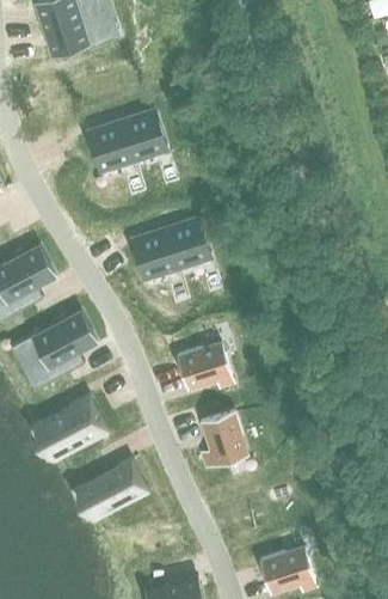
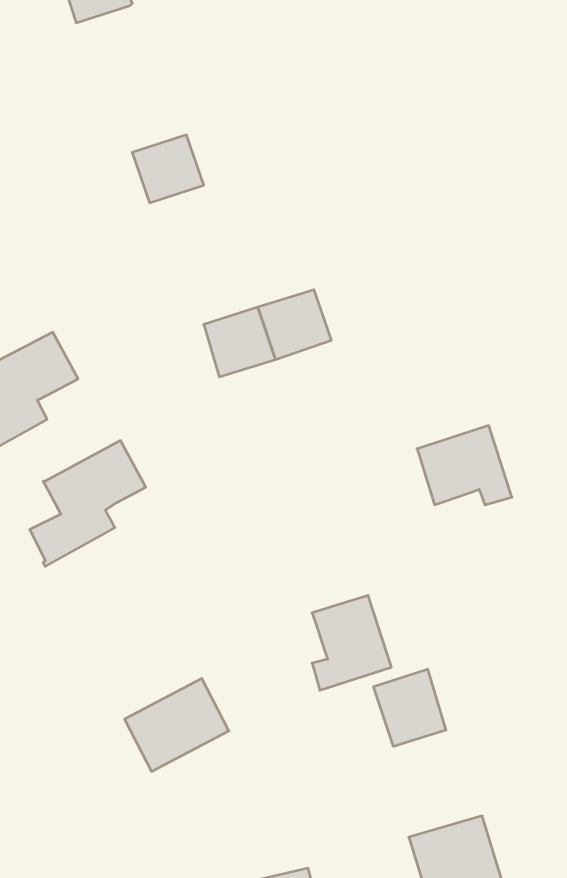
building: [121,111,166,154] -> none
building: [177,338,235,387] -> [417,426,512,505]
building: [39,396,106,457] -> none
building: none -> [374,669,446,746]

